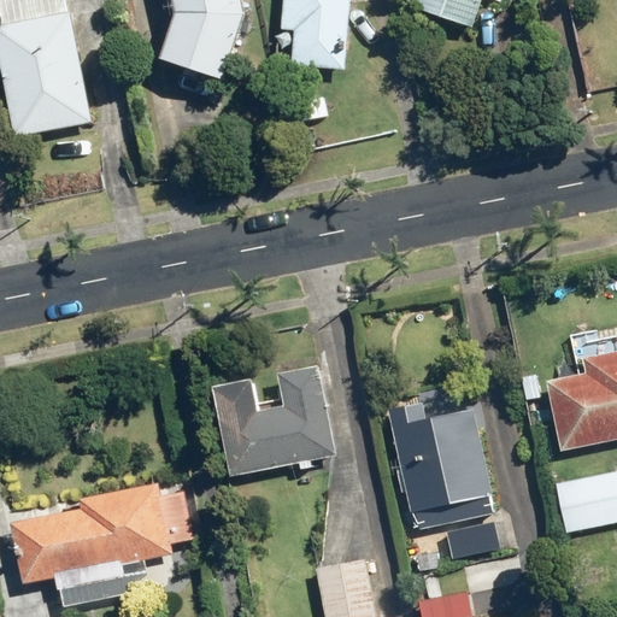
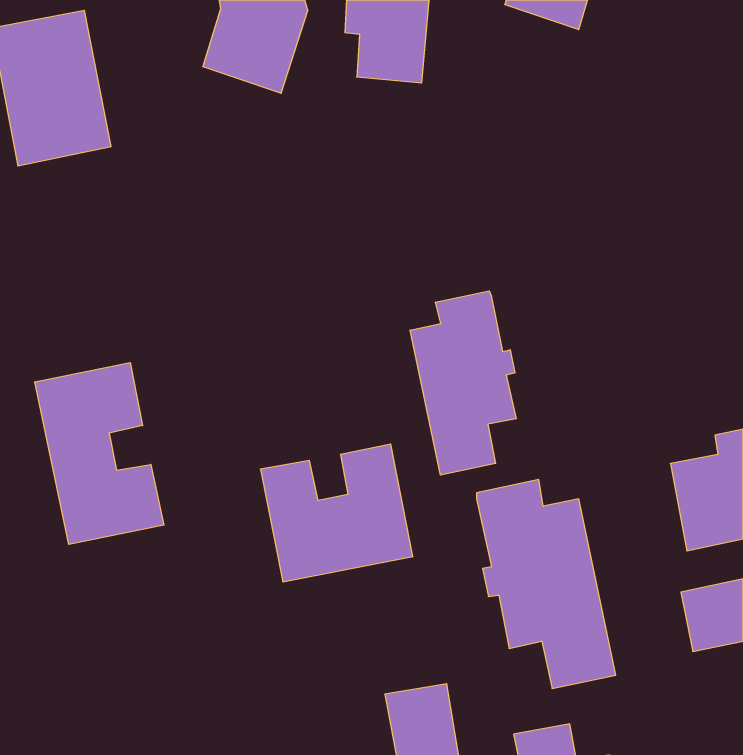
building: none -> [410,291,516,475]
building: none -> [35,363,164,544]
building: [11,481,194,607] -> none

